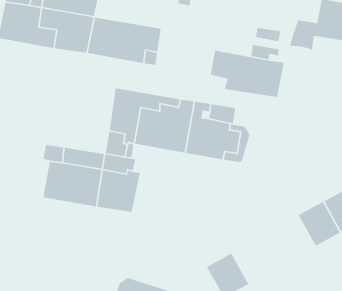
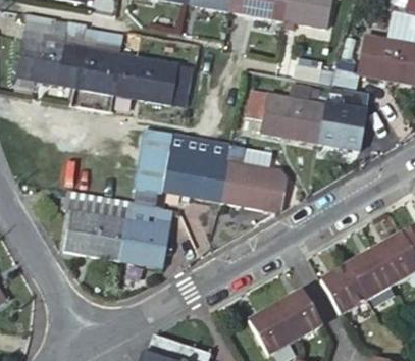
building: none -> [318,87,370,149]
building: none -> [313,268,359,318]
building: none -> [268,294,315,344]

